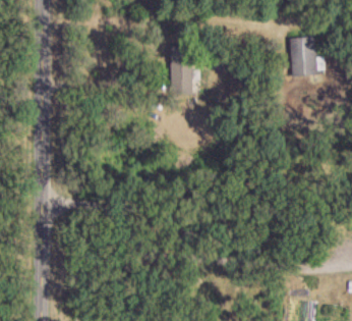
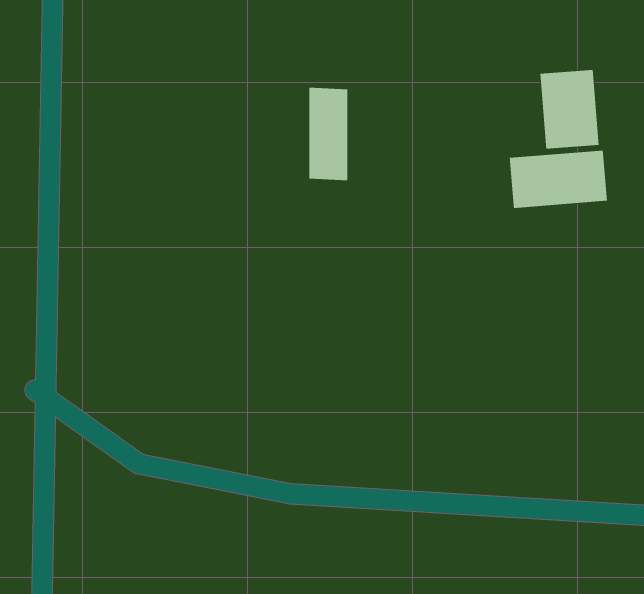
building: none -> [509,150,607,209]

